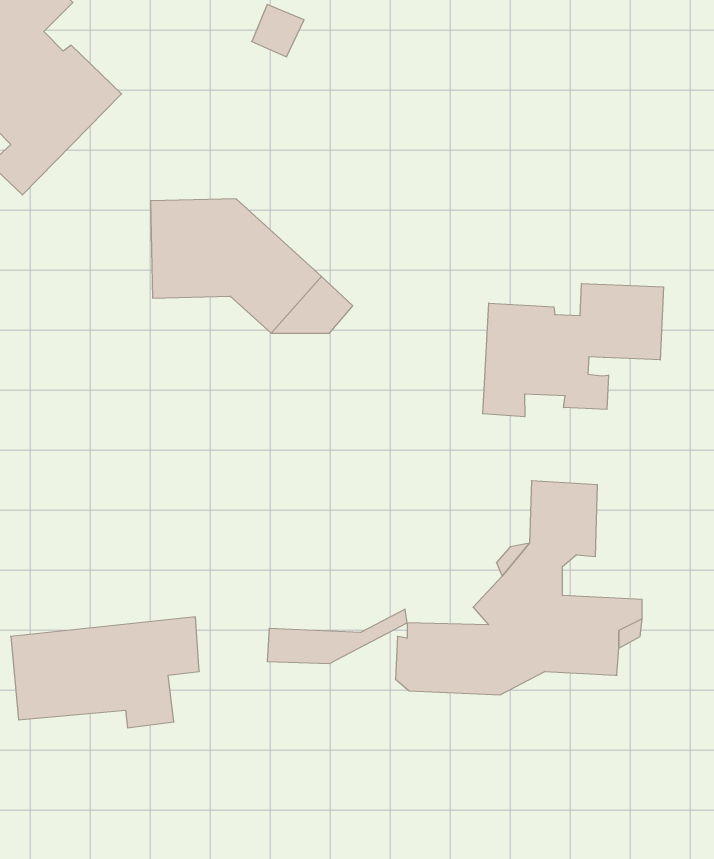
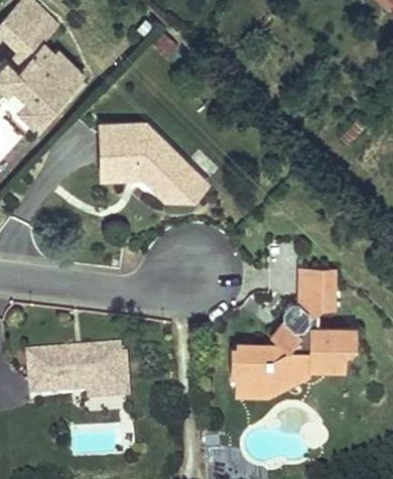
building: [483,283,663,417] -> none
building: [267,609,407,664] -> [233,372,305,400]

